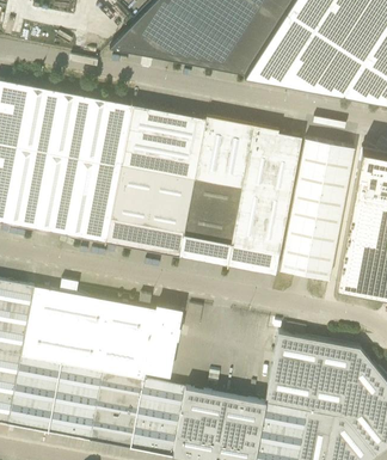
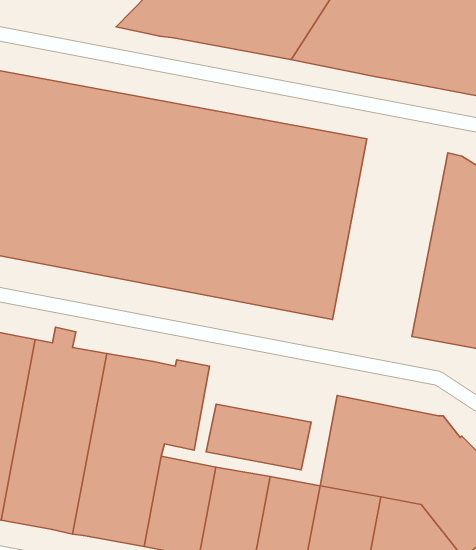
building: [280,139,354,280] -> none
building: none -> [206,404,311,470]

